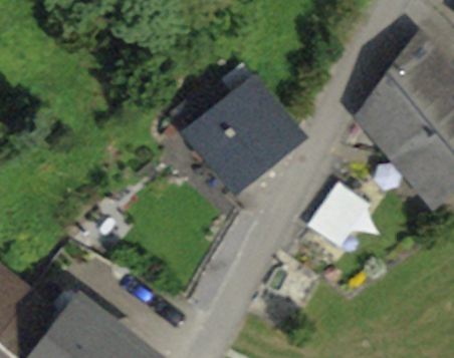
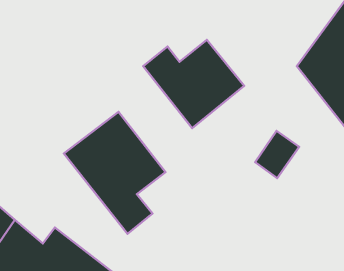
building: none -> [64,112,165,234]

